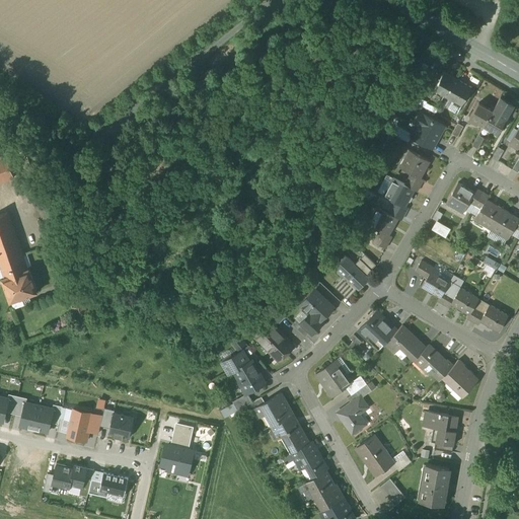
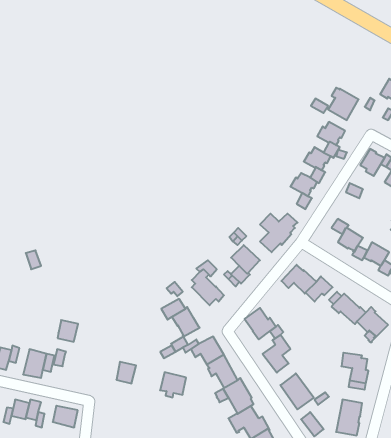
building: [434,73,471,107] -> none
building: [109,414,133,438] -> [58,320,78,342]
building: [162,445,192,473] -> [160,372,186,397]

